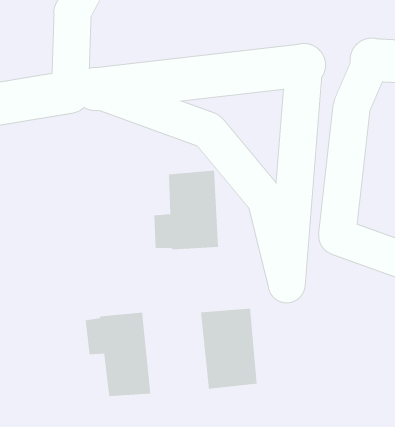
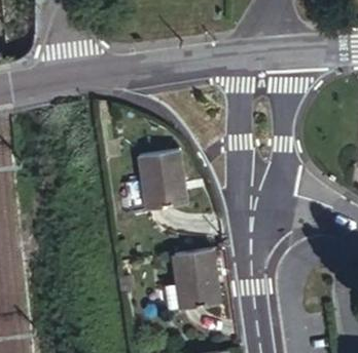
building: [85,312,151,397] -> none

